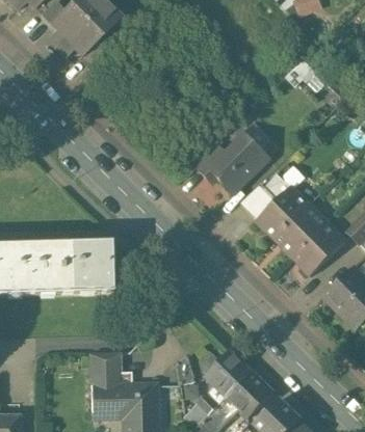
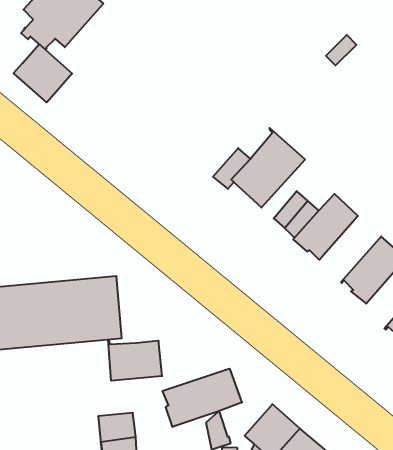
building: none -> [14,44,72,102]
building: [276,204,327,255] -> none
building: none -> [108,340,162,381]
building: none -> [163,369,242,427]

